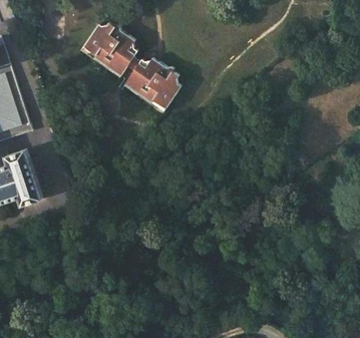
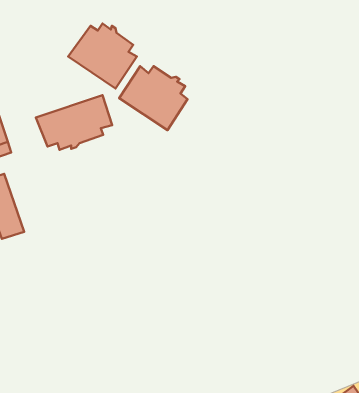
building: none -> [36,95,112,150]

